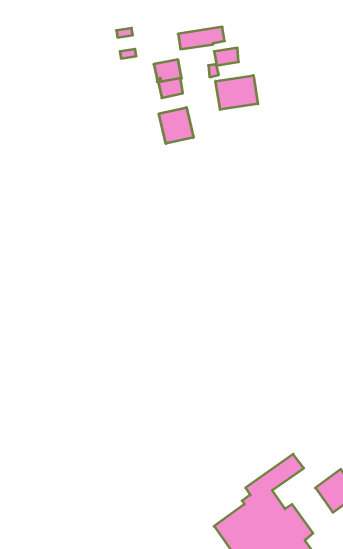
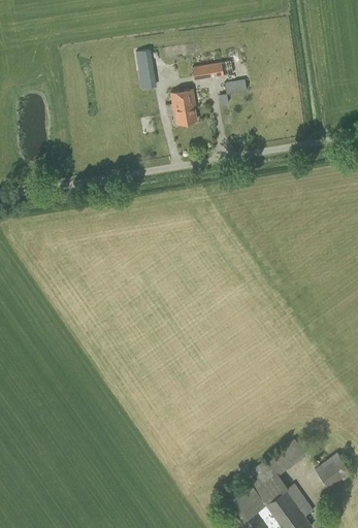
building: [216,75,258,110] -> none
building: [159,107,193,144] -> none

